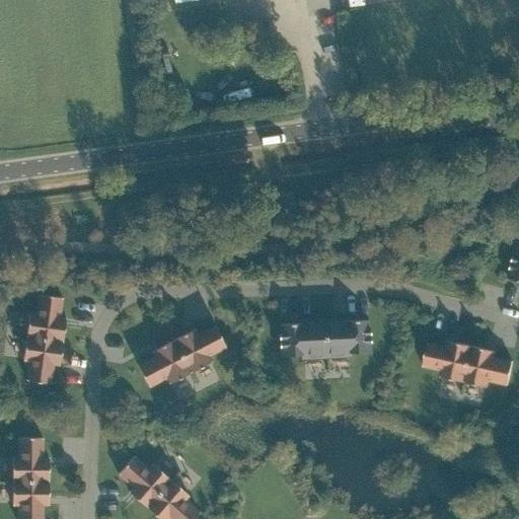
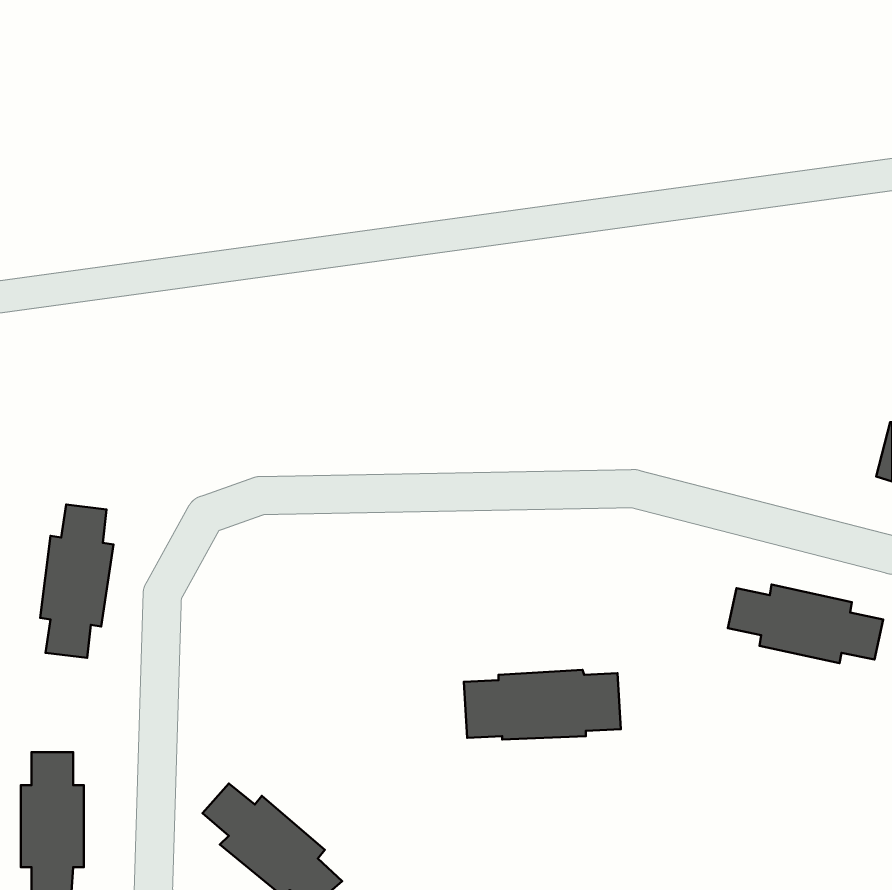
building: [279,317,370,358] -> [464,670,621,740]
building: [138,325,226,387] -> none

